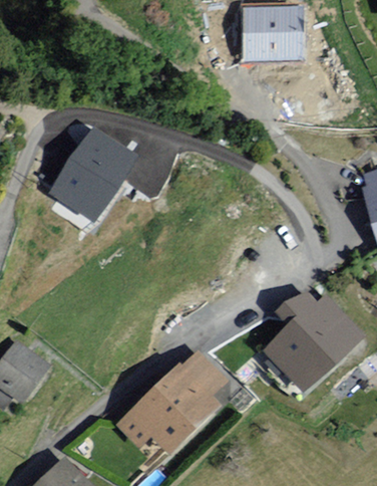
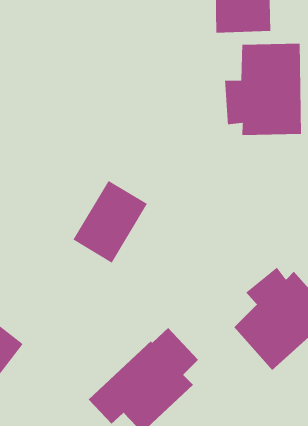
building: none -> [225,43,302,136]
building: [54,128,130,212] -> [73,180,148,263]

